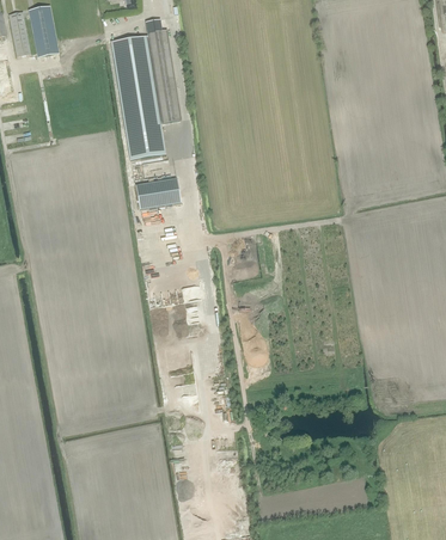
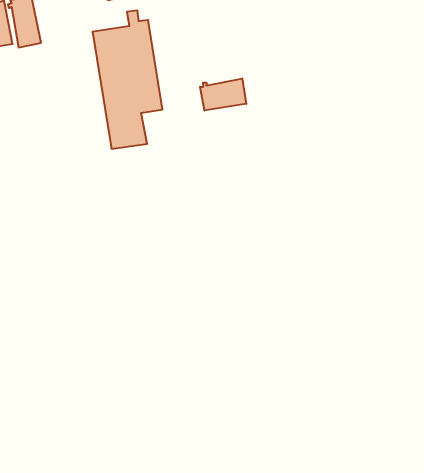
building: none -> [200,78,246,111]
building: [135,177,179,208] -> none

